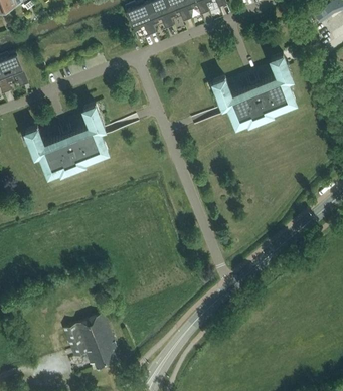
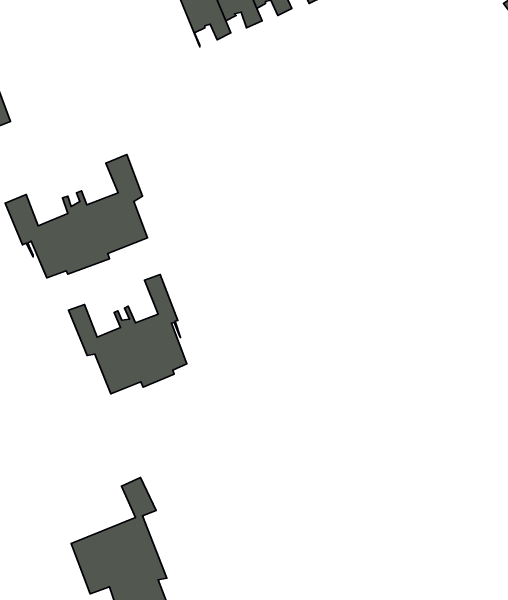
building: [213,54,296,126] -> none
building: none -> [68,274,187,394]

